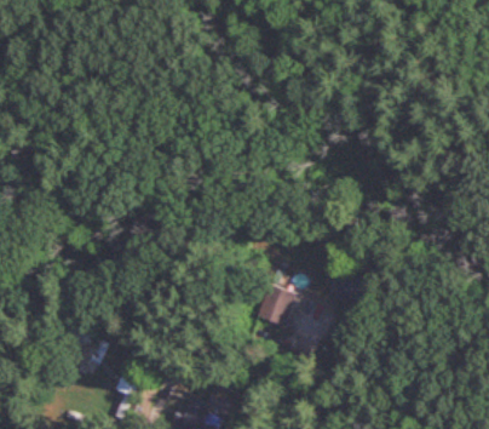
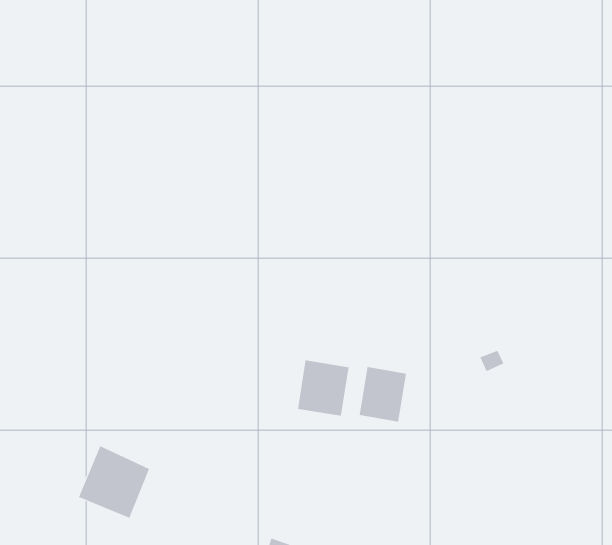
building: none -> [297,360,349,417]

